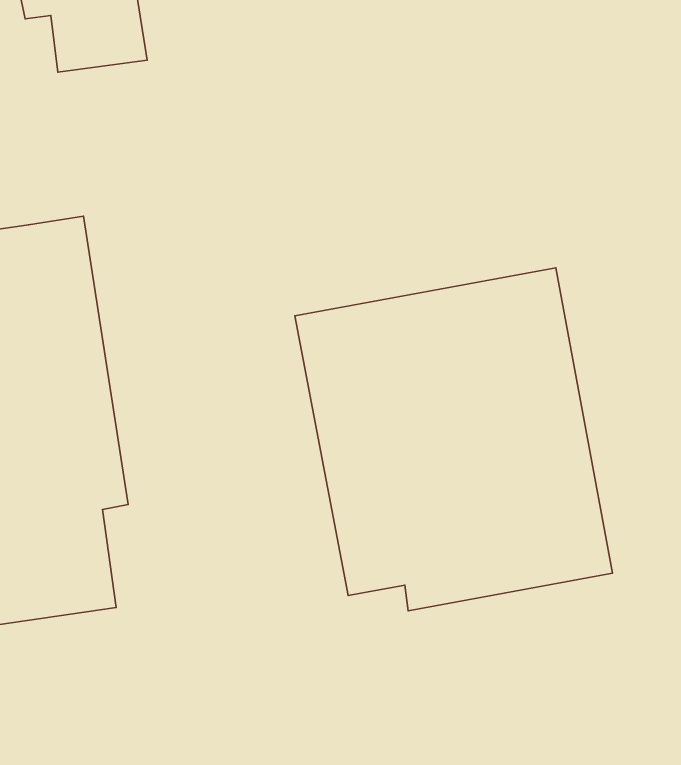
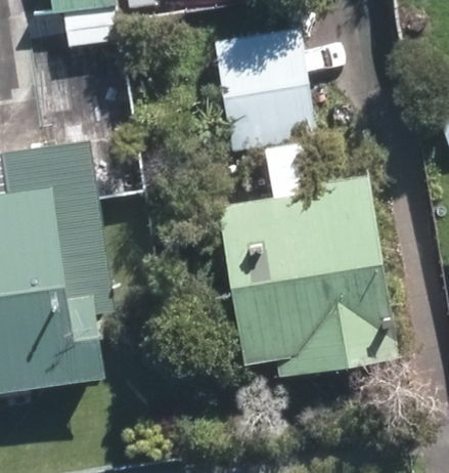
building: none -> [219,34,319,148]

